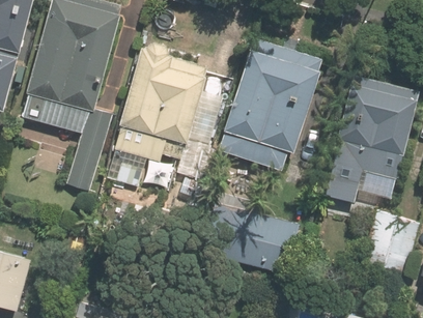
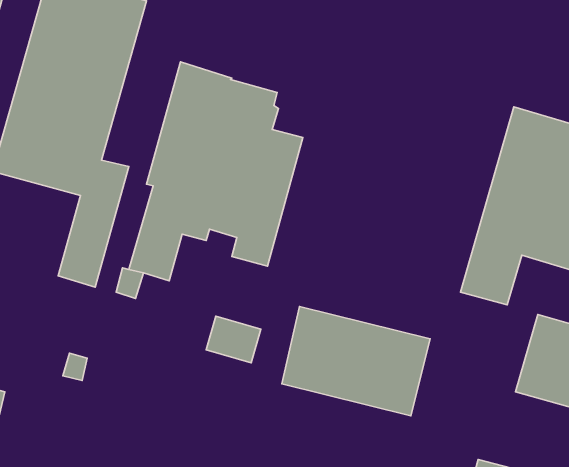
building: [220,38,321,169] -> none

